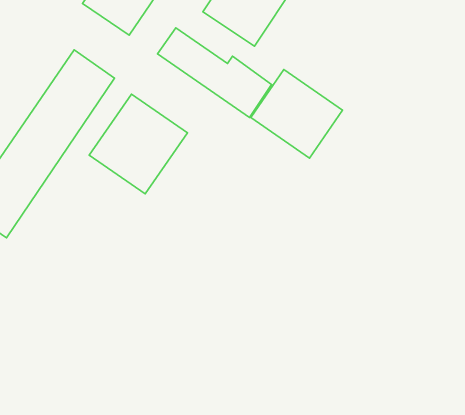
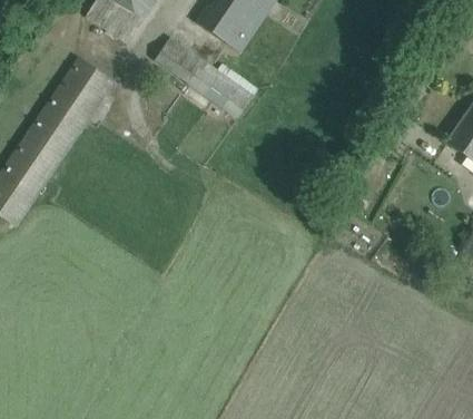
building: [251,69,342,158] -> none
building: [89,94,188,194] -> none

